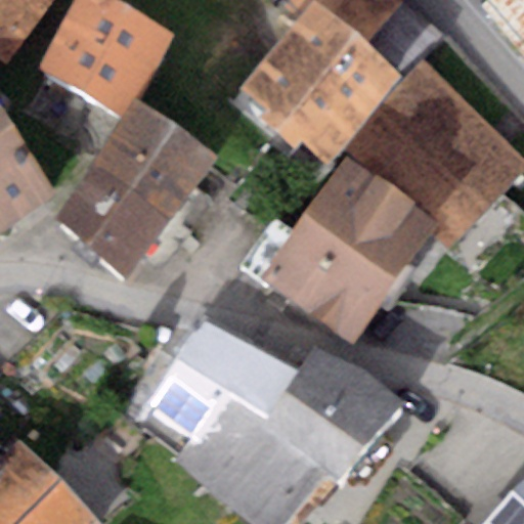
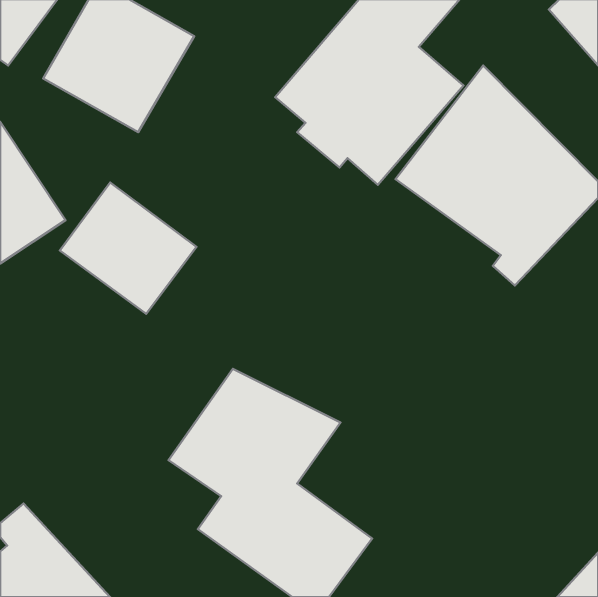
building: [96,101,215,216] -> none
building: [260,157,438,342] -> none
building: [260,349,404,483] -> none

